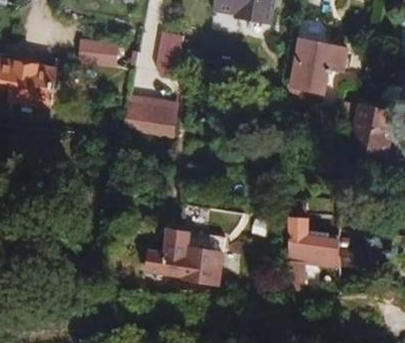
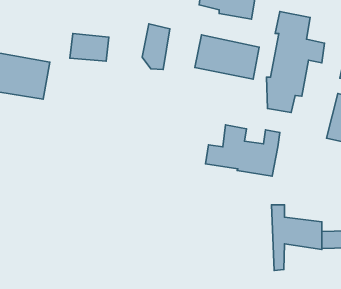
building: none -> [195,35,259,79]
building: [123,95,177,135] -> none
building: [147,229,226,283] -> [206,125,280,176]

